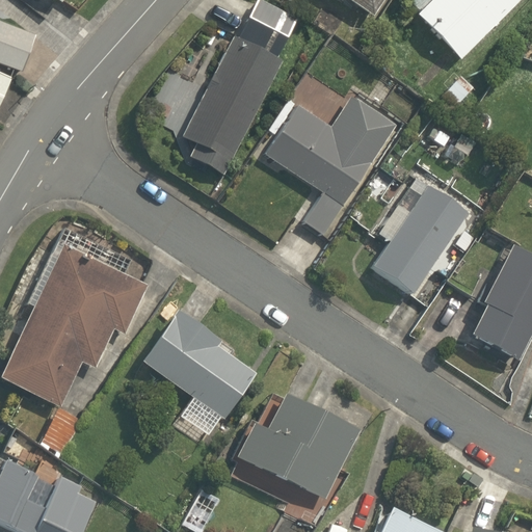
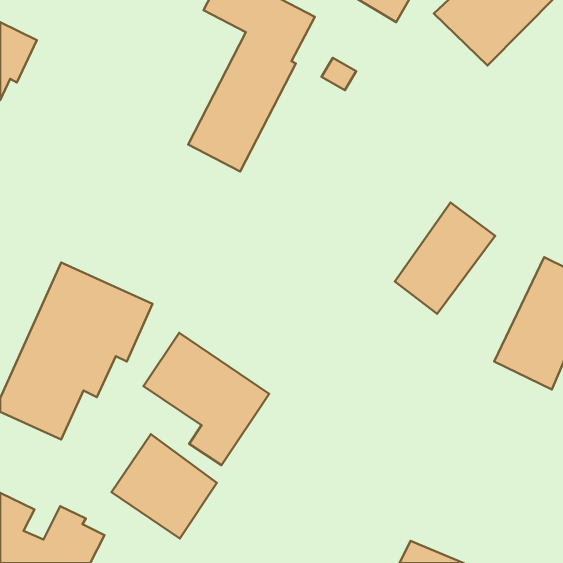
building: [260,94,398,238] -> none
building: [237,392,357,499] -> none
building: none -> [112,434,217,538]

